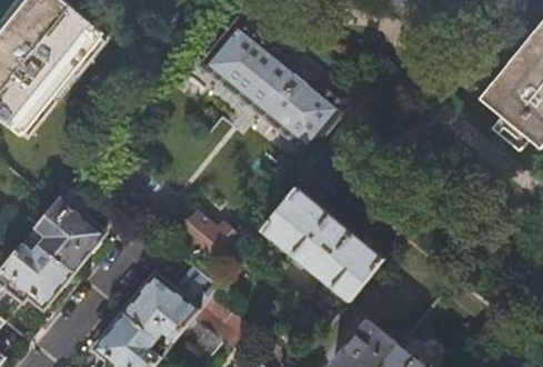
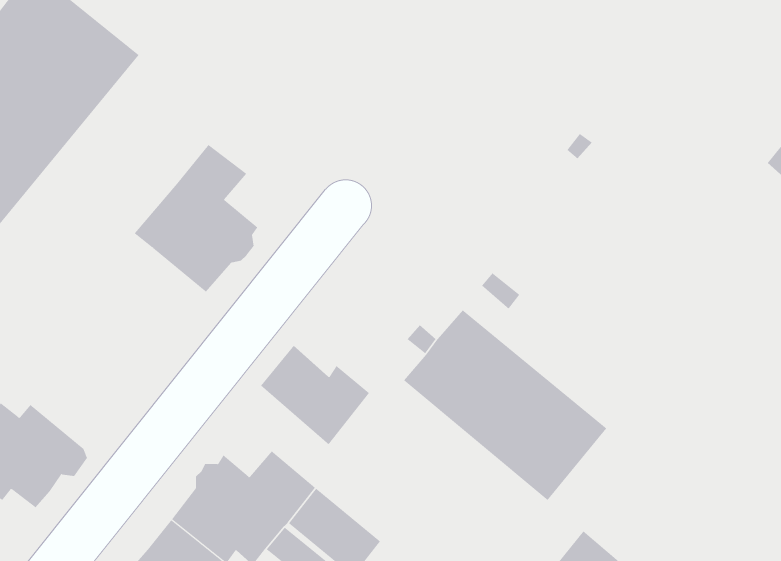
building: [200,12,343,153] -> none
building: [28,182,102,271] -> [134,144,258,293]

